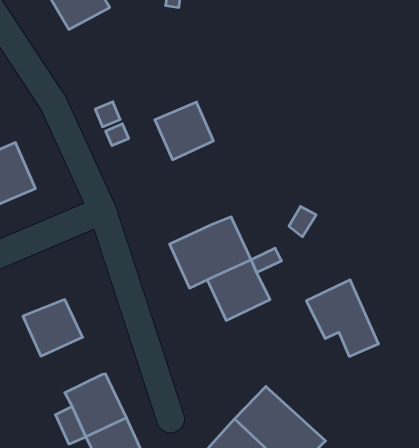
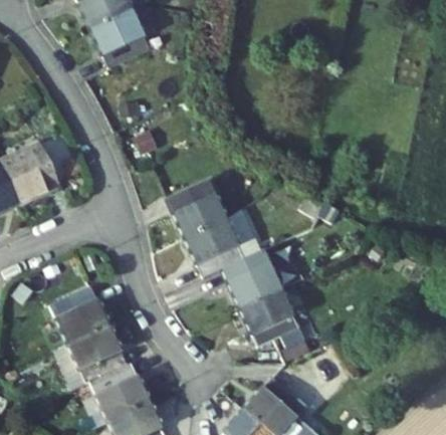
building: none -> [91,8,151,67]
building: [155,102,213,160] -> [171,180,227,235]
building: [306,280,379,356] -> [242,288,311,362]
building: none -> [49,324,123,388]

